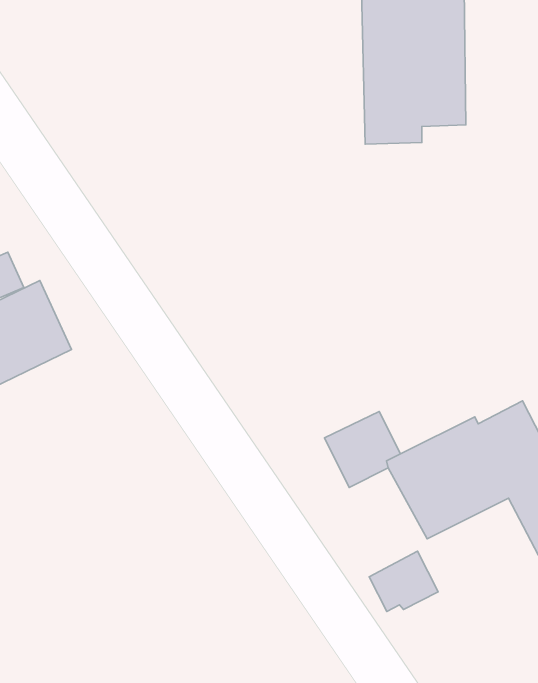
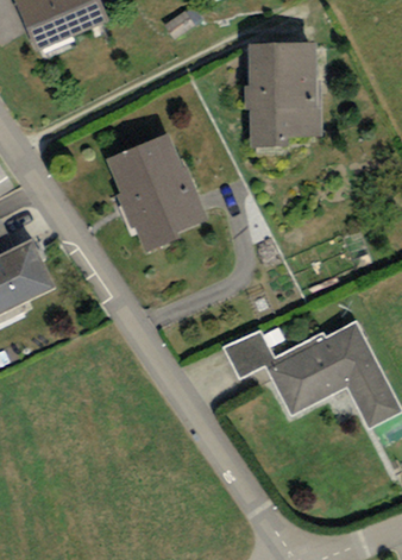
building: none -> [106,132,207,252]
building: [369,551,438,611] -> none

